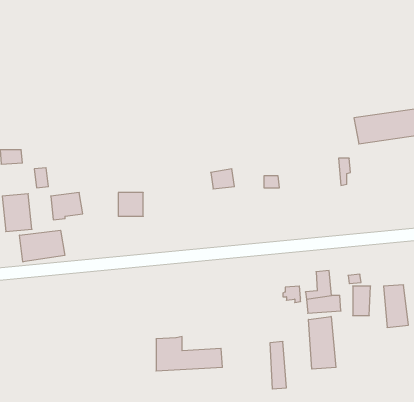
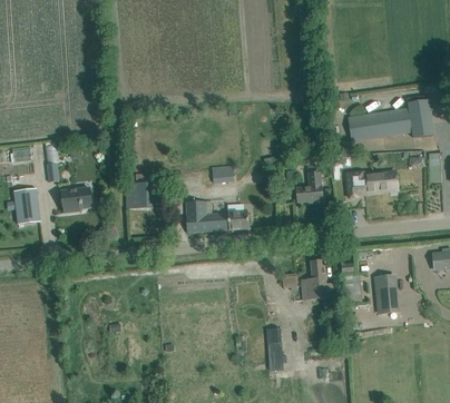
building: none -> [345,171,397,198]
building: none -> [296,173,322,203]
building: [20,230,65,262] -> none
building: [309,316,336,369] -> none
building: [156,337,222,371] -> [186,200,248,233]

